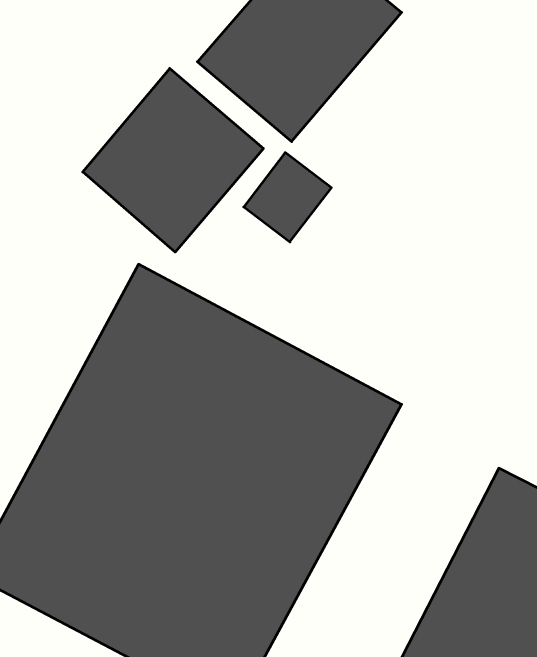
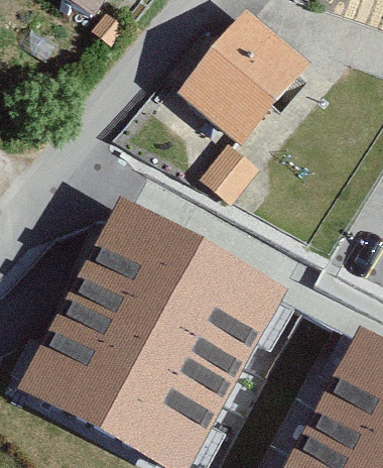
building: [83,68,263,252] -> none

